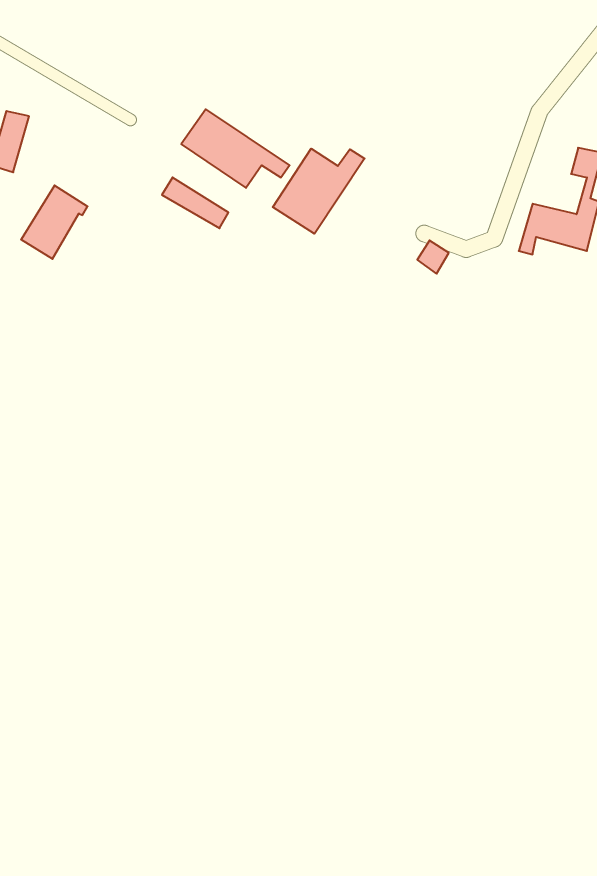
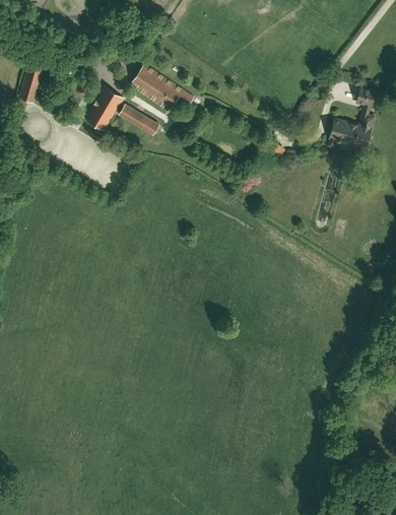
building: [273,149,365,234] -> none
building: [21,185,88,259] -> [85,87,124,130]

